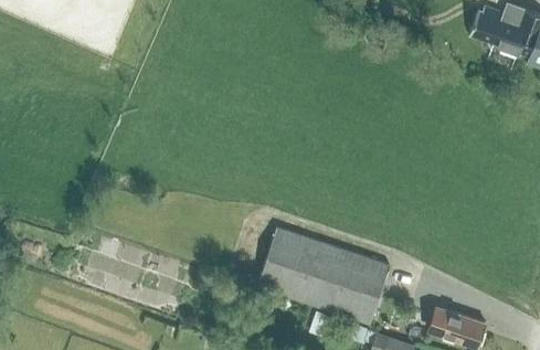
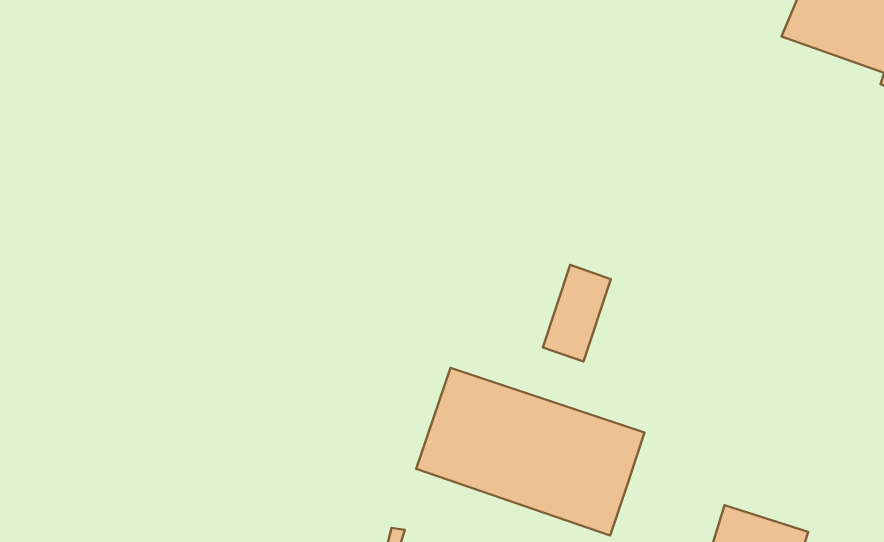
building: none -> [543,265,611,362]

